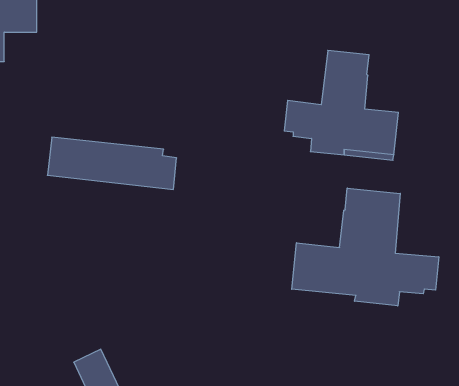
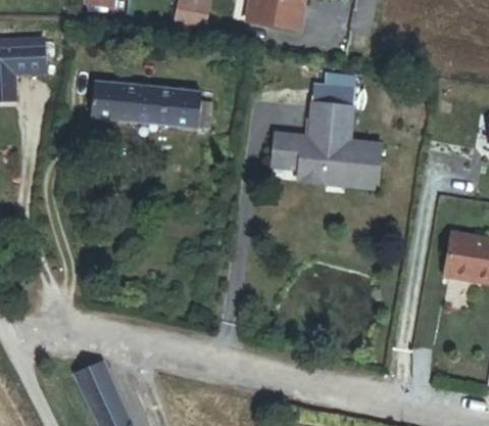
building: [47,137,177,189] -> [94,81,215,130]
building: [292,188,439,306] -> none

